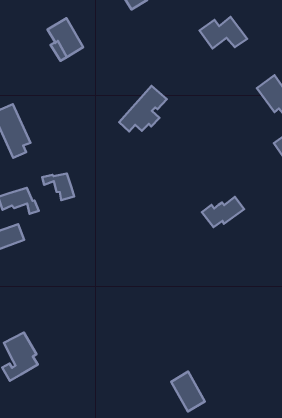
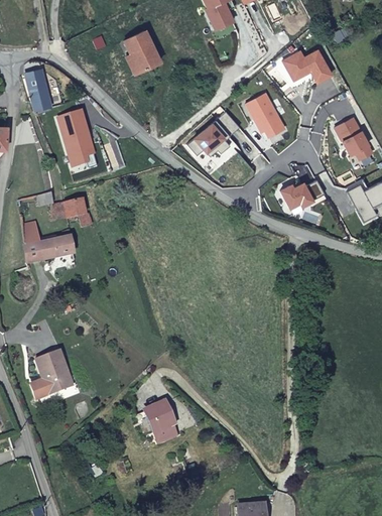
building: none -> [246,93,284,137]
building: [42,174,74,200] -> none
building: [202,197,244,227] -> [279,179,324,208]
building: [171,372,205,412] -> [145,401,177,442]

